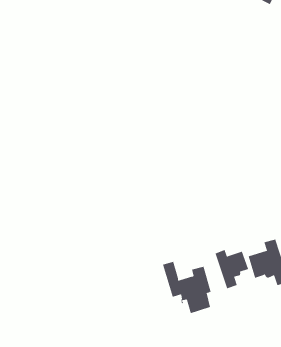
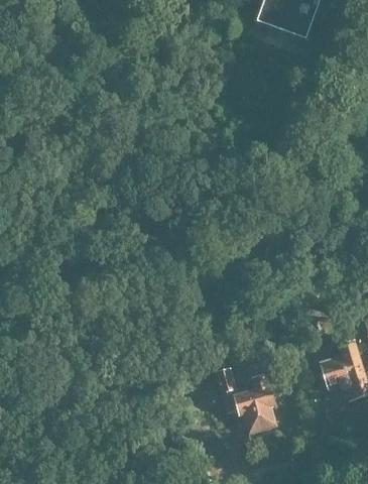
building: [215,249,249,289] -> none

